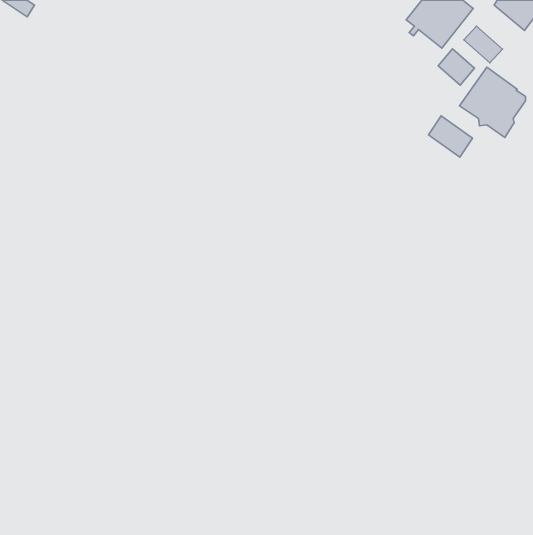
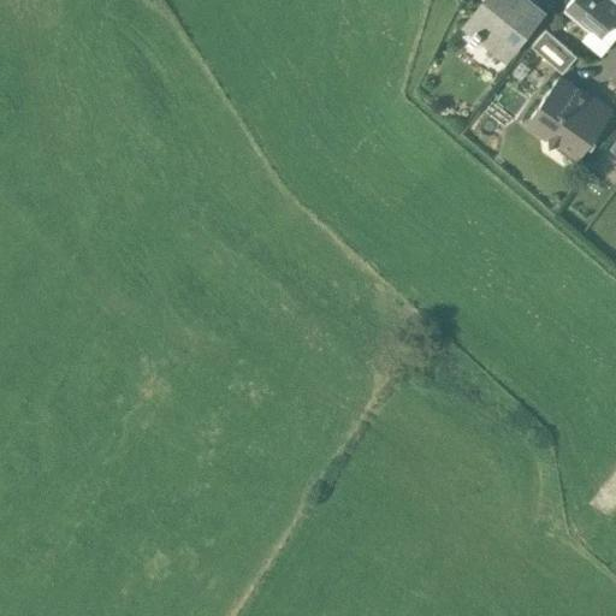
building: [438,49,474,85] -> none
building: [428,116,473,157] -> none

